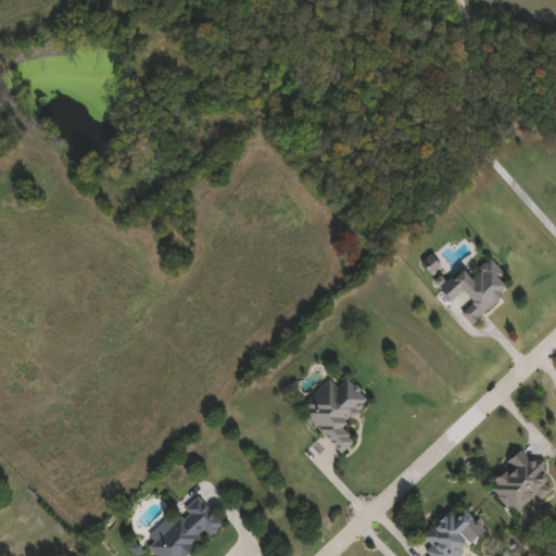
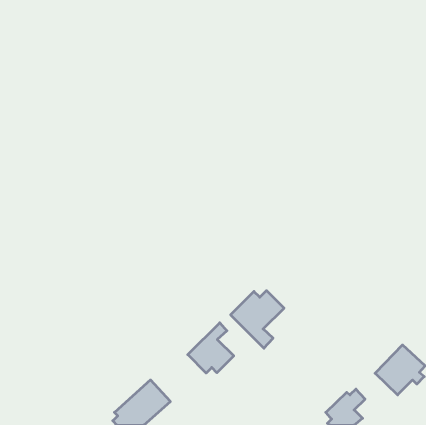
building: [441,258,511,325] -> none
building: none -> [188,323,234,373]

